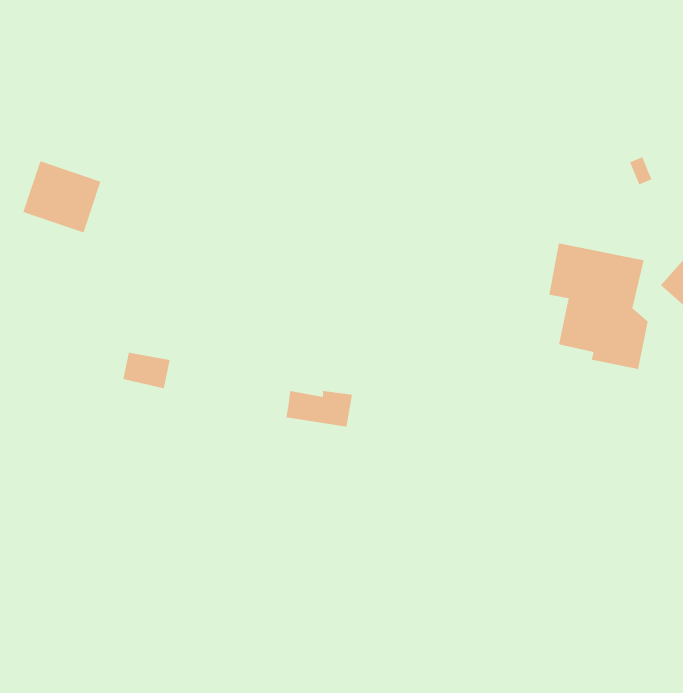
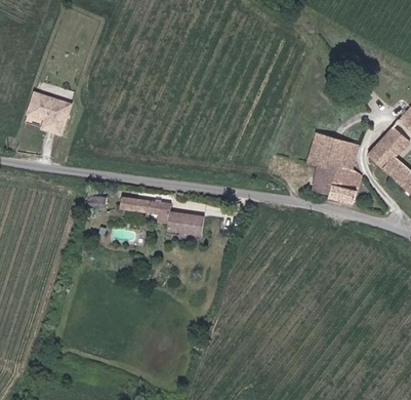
building: none -> [122,194,171,222]

